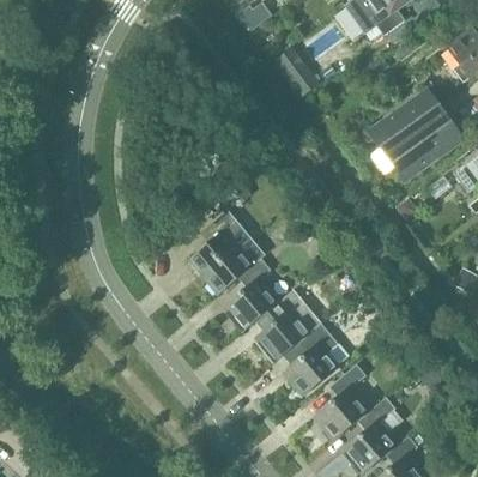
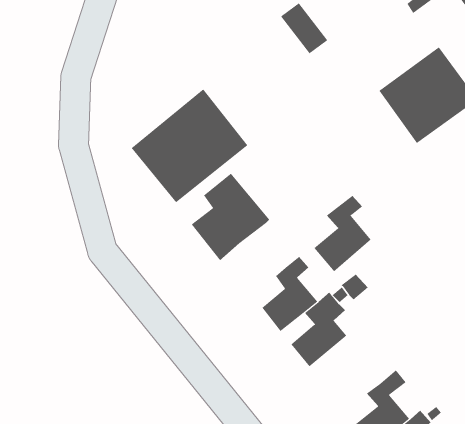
building: none -> [131,88,248,203]
building: [224,258,279,331] -> [314,195,372,272]
building: [314,364,369,439] -> none

